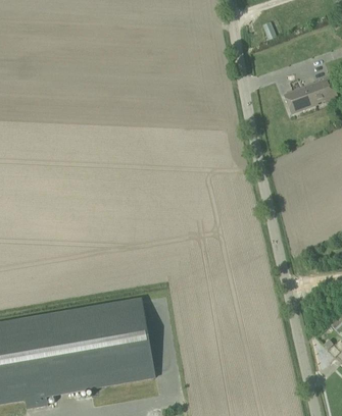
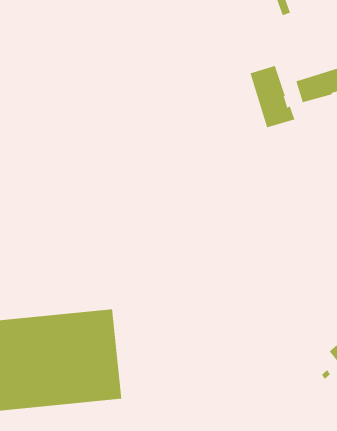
building: none -> [250,65,295,128]

